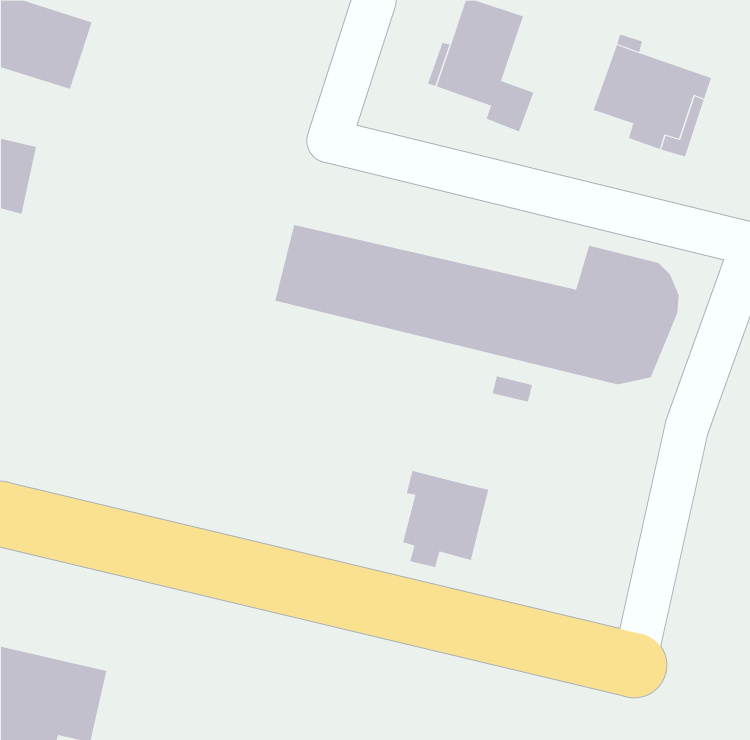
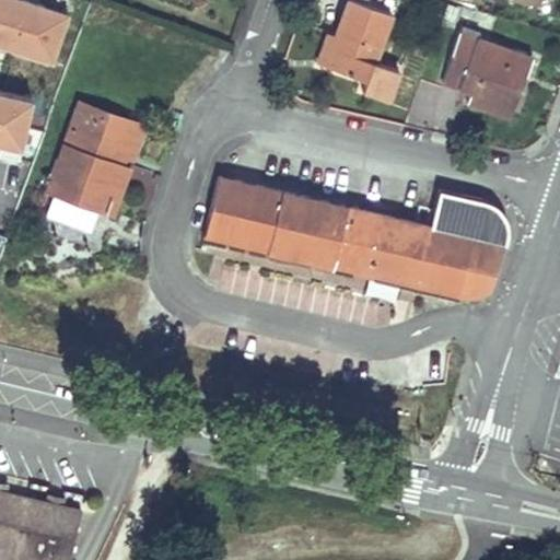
building: none -> [45,104,148,224]
building: [402,470,489,568] -> none

